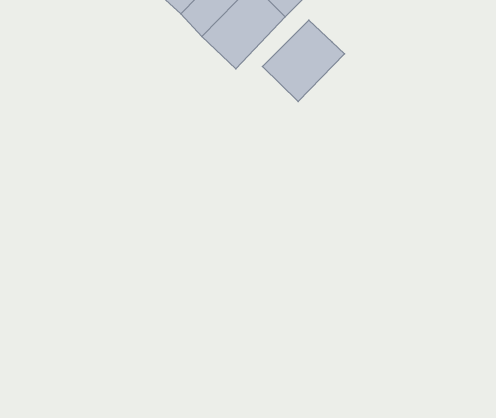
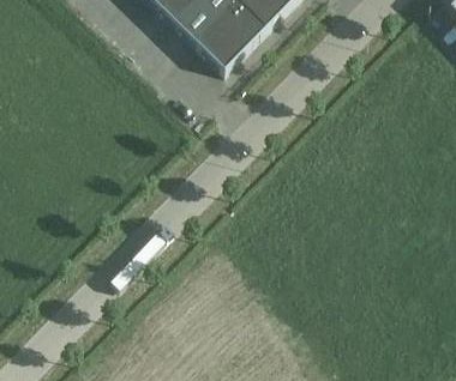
building: [263,20,345,102] -> none

